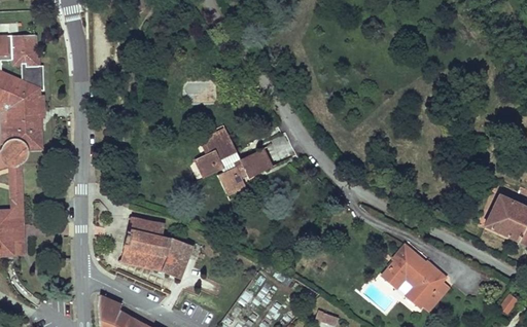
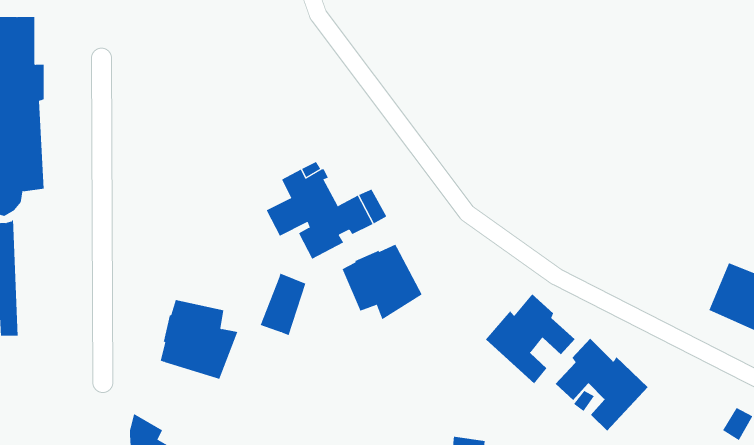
building: none -> [342,244,423,320]
building: none -> [485,293,576,384]
building: [160,238,190,280] -> [260,273,306,336]

